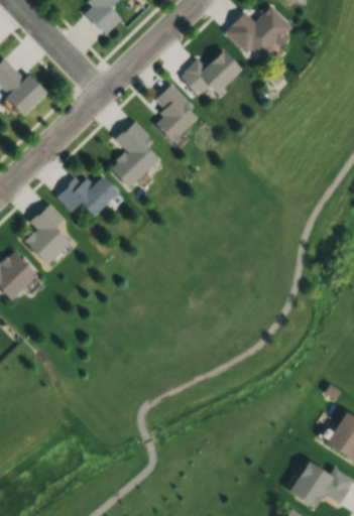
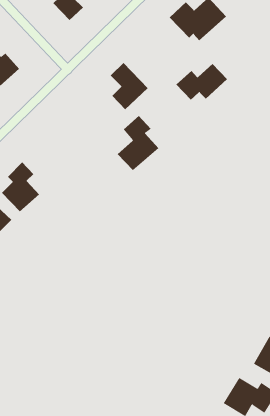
building: [180,50,242,95] -> [176,63,228,100]
building: [109,121,159,187] -> [117,115,159,171]
building: [56,175,118,216] -> none

